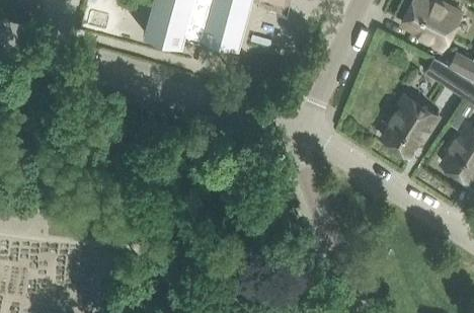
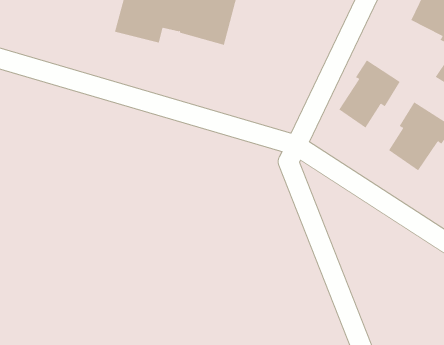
building: none -> [339,60,401,129]

